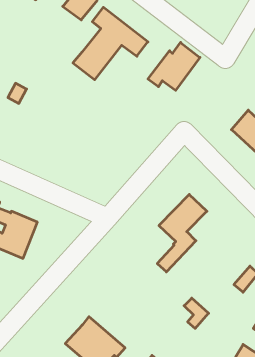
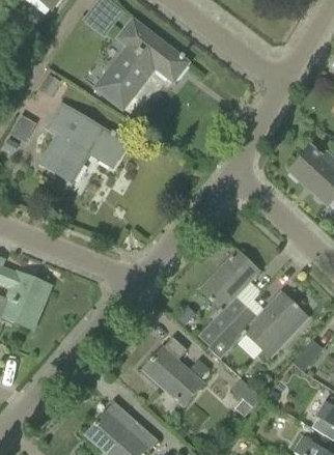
building: [148,42,200,90] -> none
building: none -> [43,105,124,180]
building: none -> [210,291,303,357]
building: none -> [143,335,211,404]

